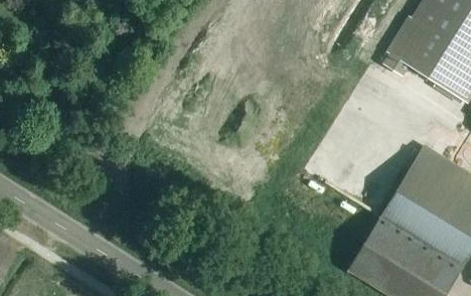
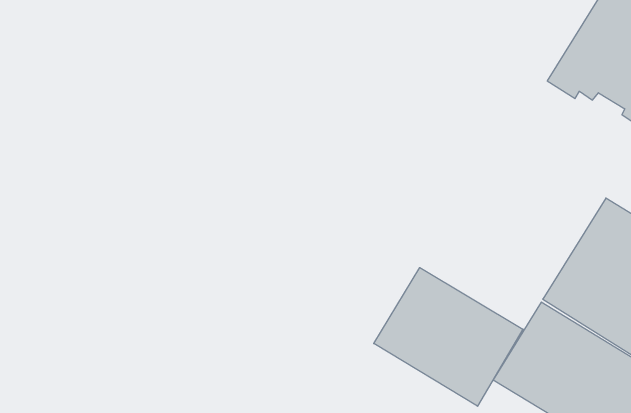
building: none -> [374,268,523,406]

